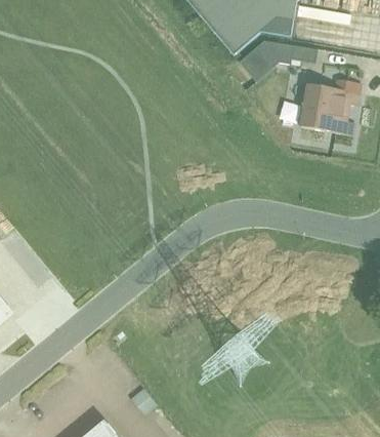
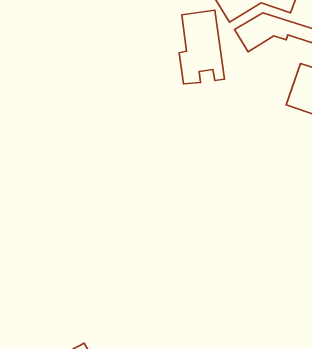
building: none -> [179,10,225,84]

